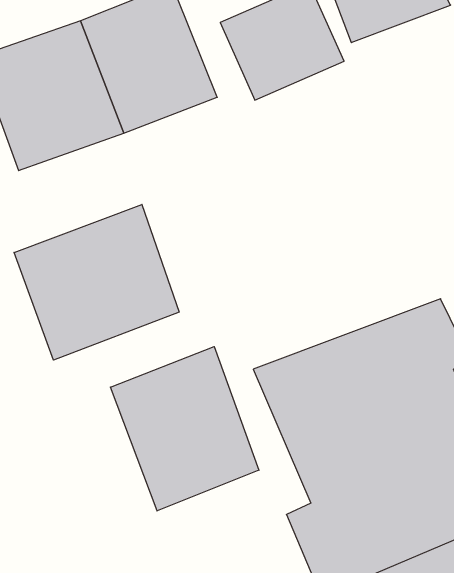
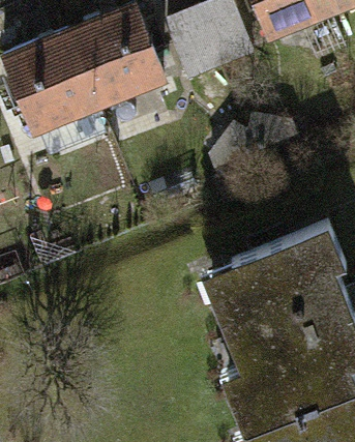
building: [14,204,179,360] -> none
building: [110,347,259,511] -> none

